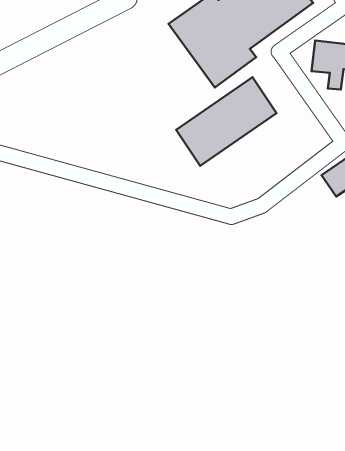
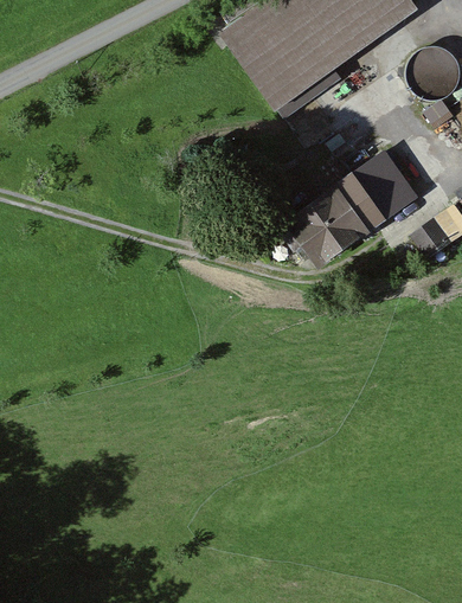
building: [176,77,277,166] -> [287,150,416,264]

